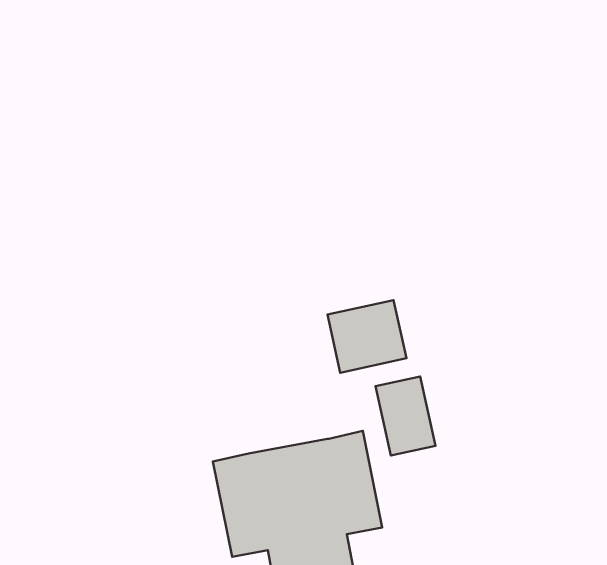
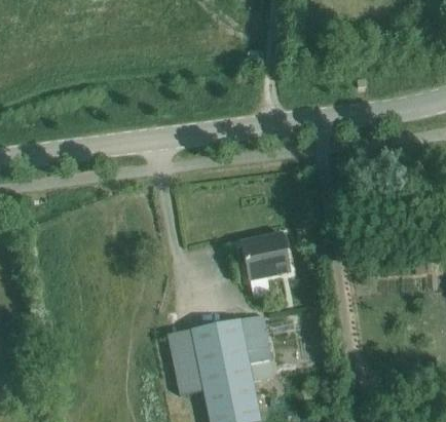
building: [376,376,435,455] -> none

